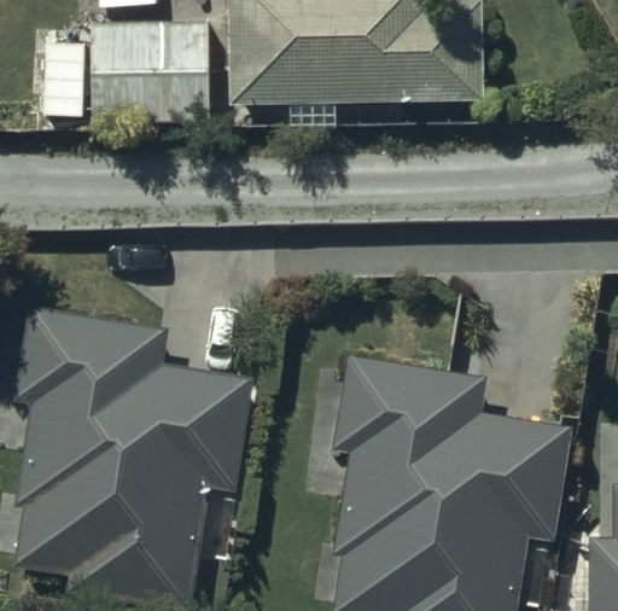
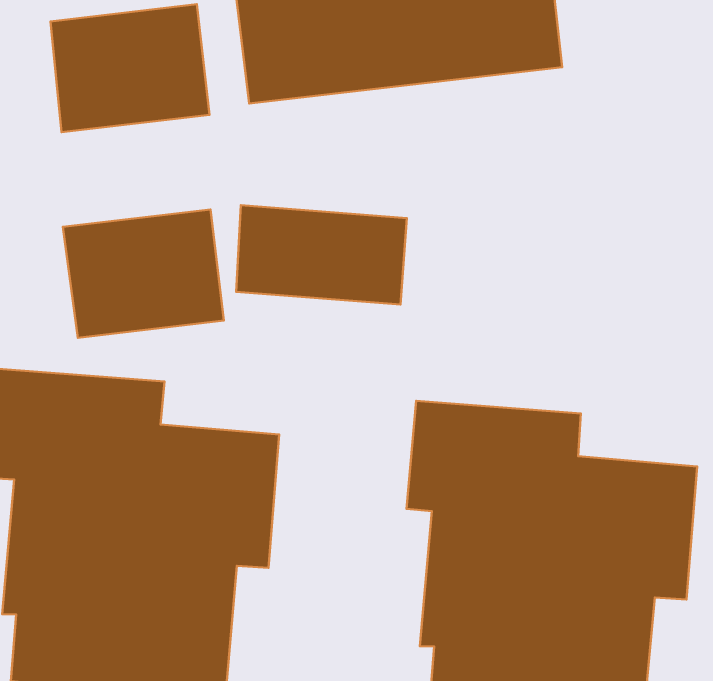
building: none -> [236,205,407,305]
building: none -> [63,209,224,338]

